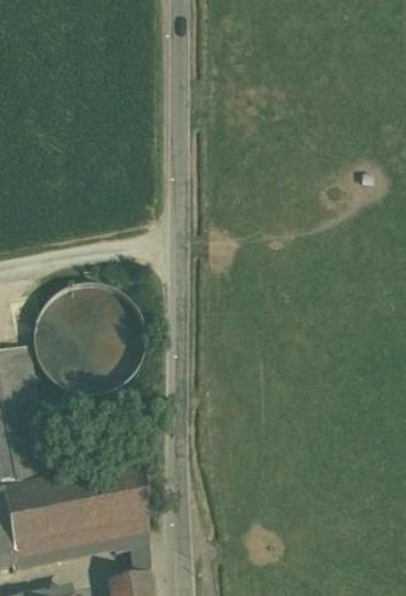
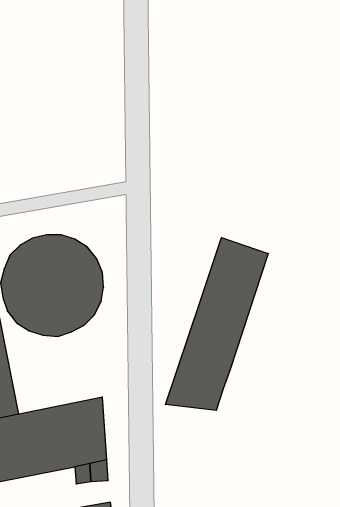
building: none -> [166,238,268,410]

